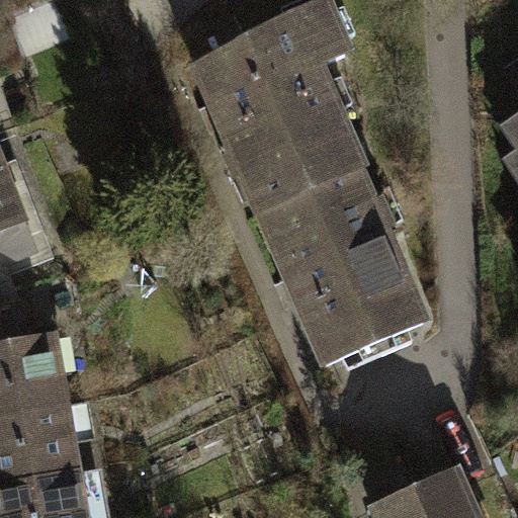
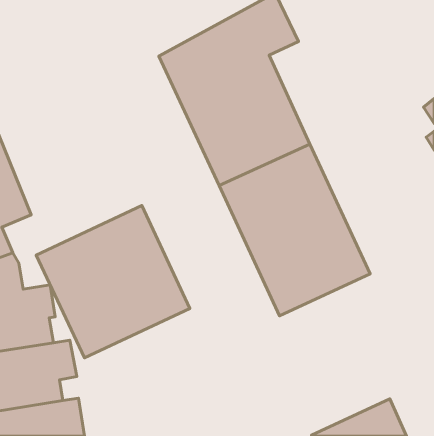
building: none -> [36,205,190,358]

